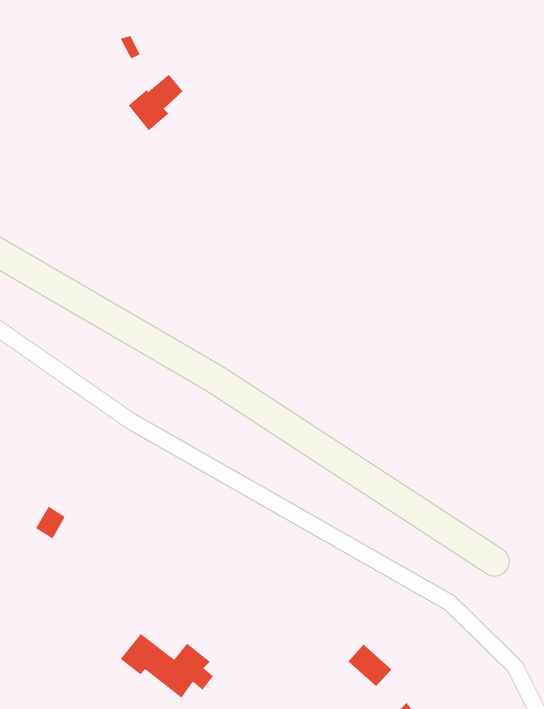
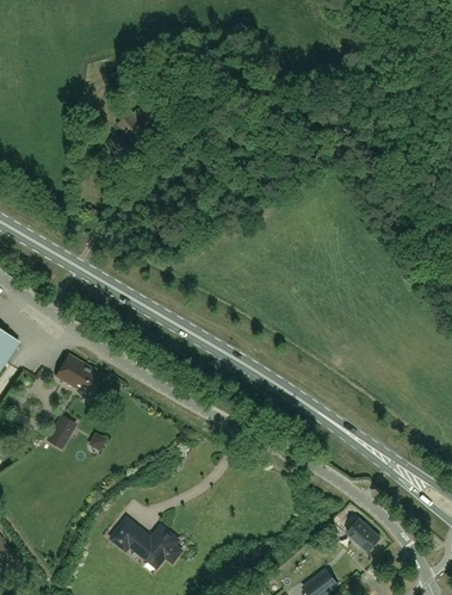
building: none -> [55,354,104,397]
building: [348,644,392,687] -> [347,519,380,551]

